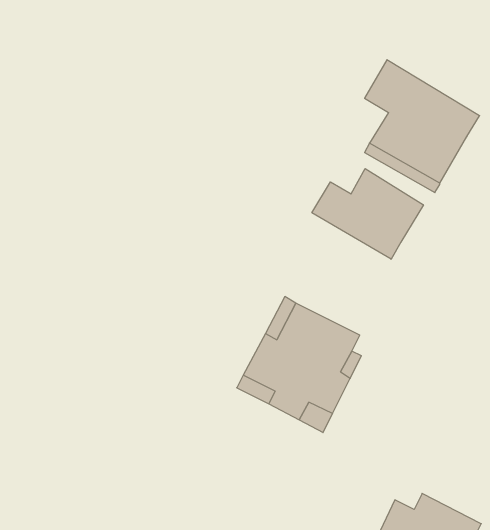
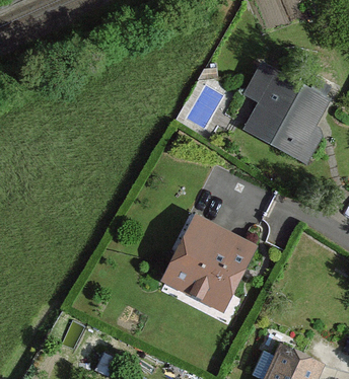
building: [312,169,423,259] -> none

